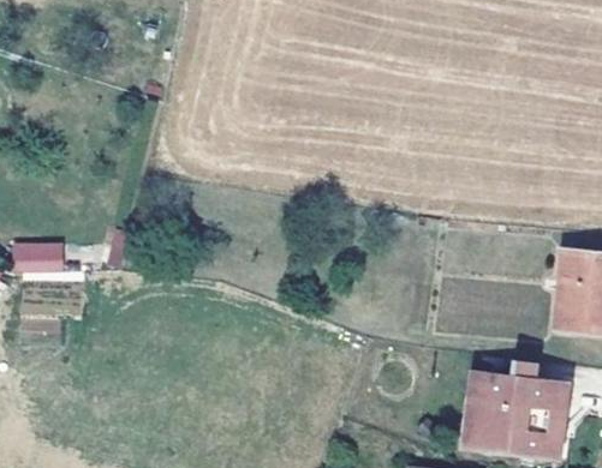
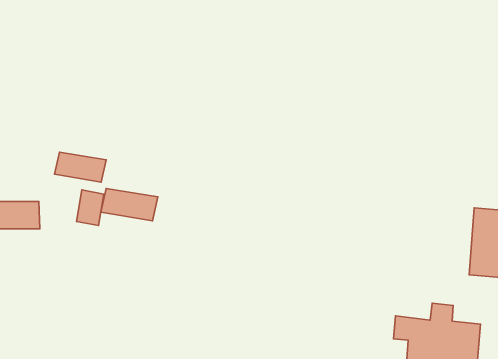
building: none -> [55,152,106,182]
building: none -> [101,188,158,221]

